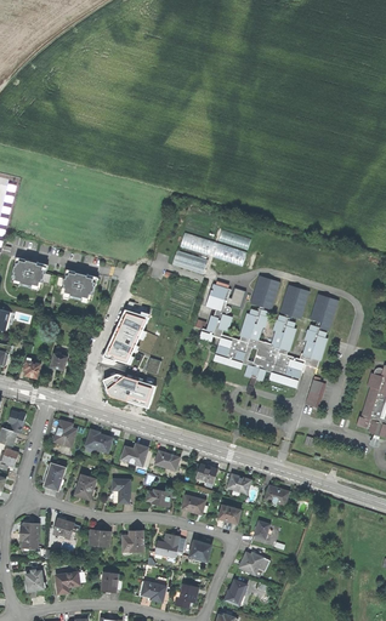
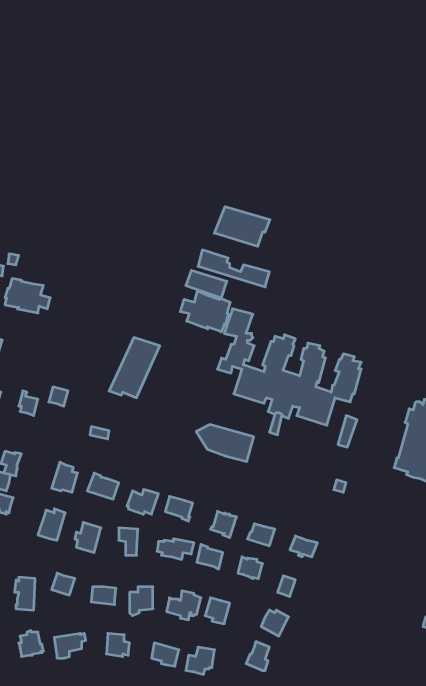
building: none -> [214,207,270,246]
building: none -> [180,291,230,332]
building: [55,269,95,300] -> none
building: [250,274,280,308] -> none
building: [279,284,310,318] -> none
building: [310,292,340,330] -> none
building: [102,375,153,408] -> [196,425,254,461]

